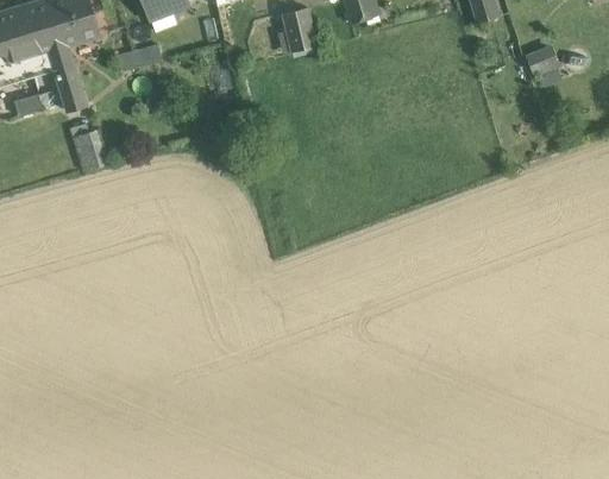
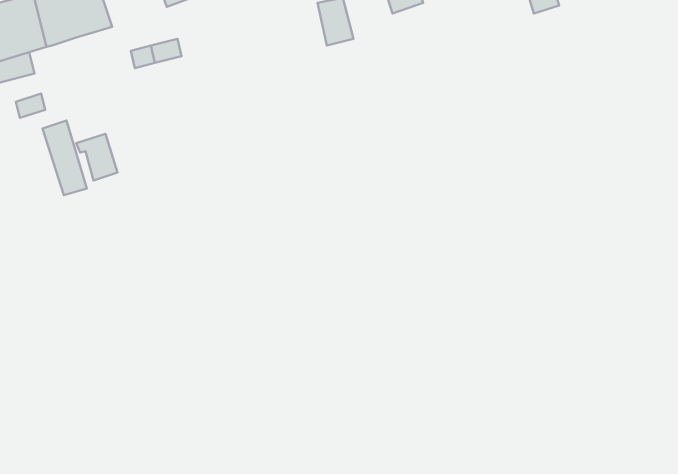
building: [46,44,86,111] -> [43,120,87,195]
building: [525,44,559,74] -> none

